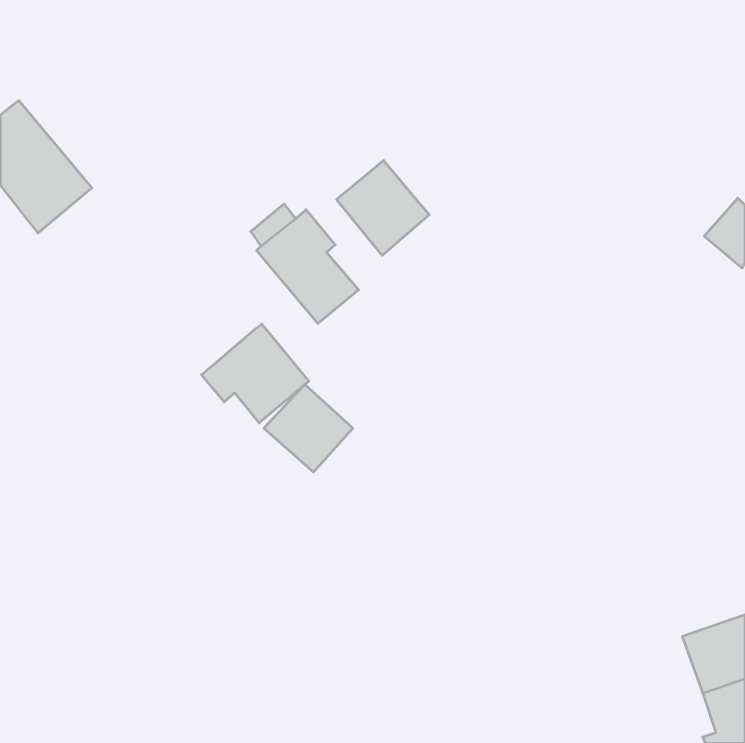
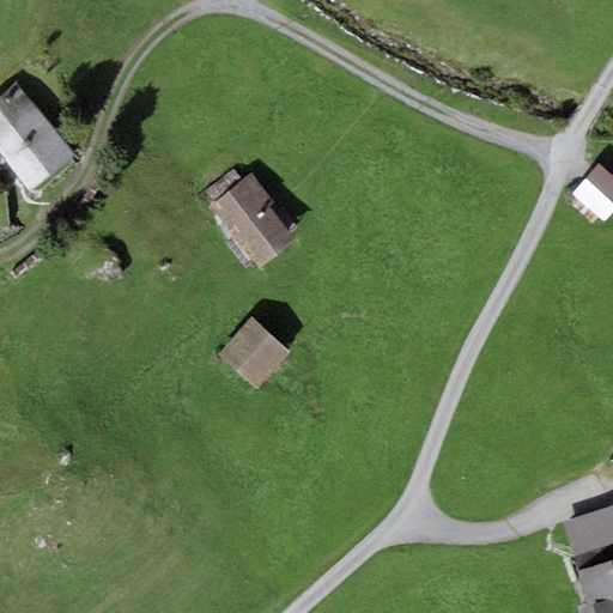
building: [337,160,429,255] -> none
building: [201,324,309,423] -> none

